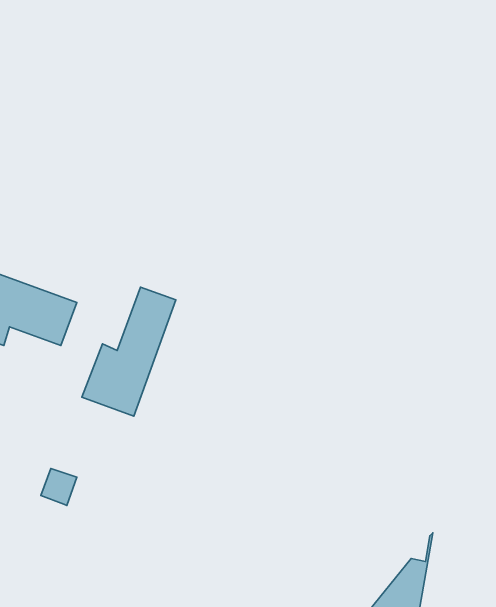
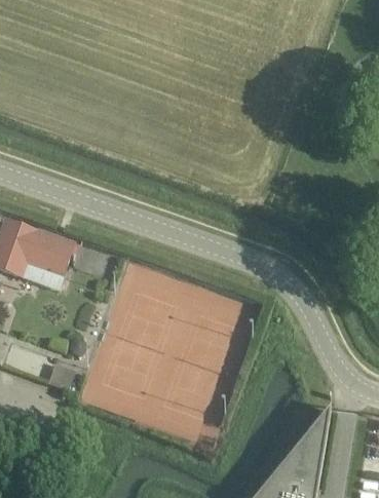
building: [82,287,176,416] -> none

